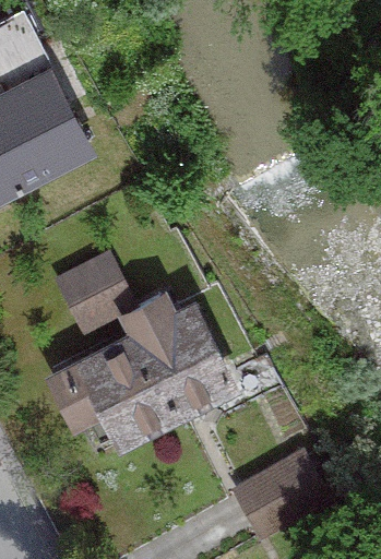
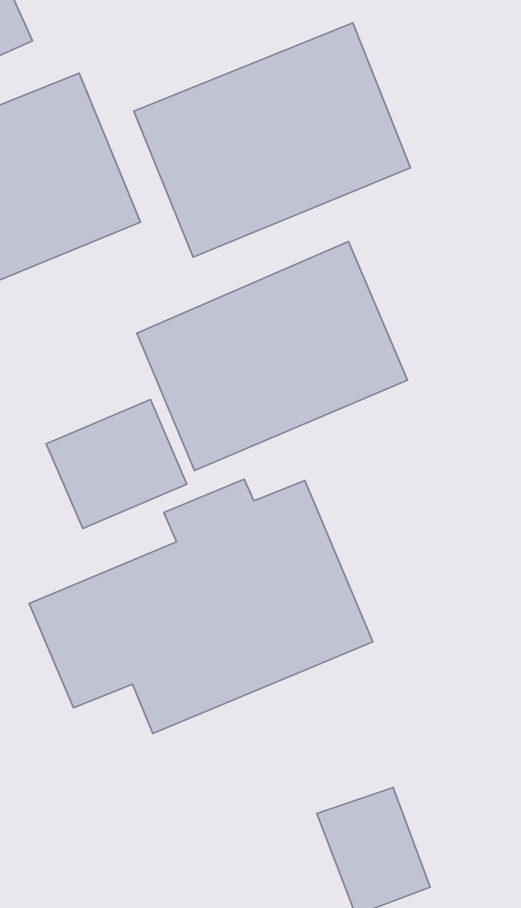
building: none -> [134,23,411,257]
building: none -> [137,242,407,470]

